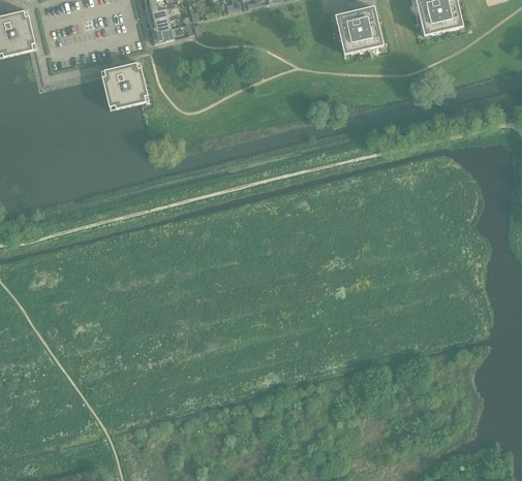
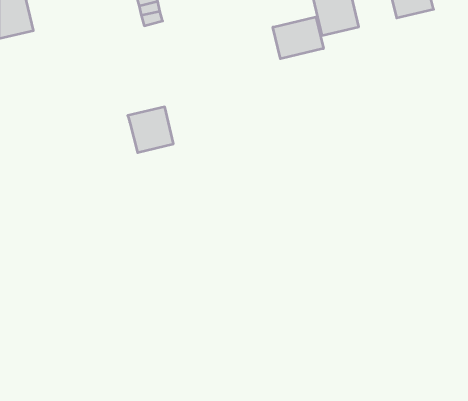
building: none -> [273,17,323,59]
building: [99,60,148,108] -> [128,107,173,153]

